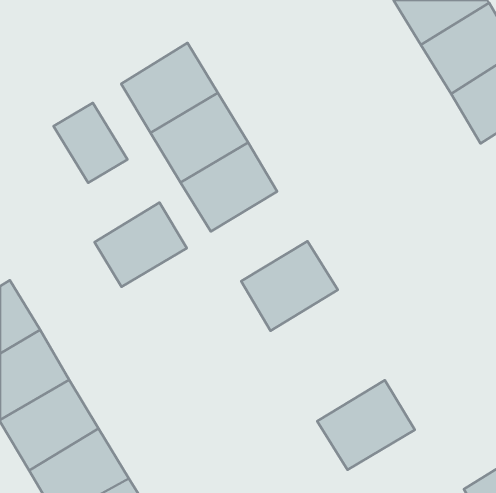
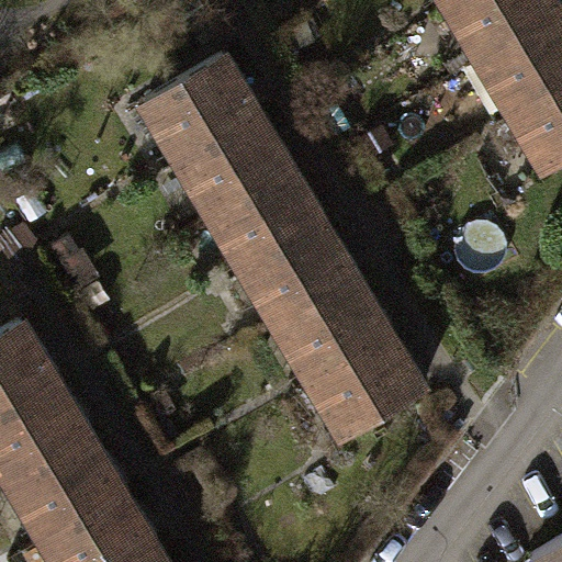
building: [54,103,127,183] -> none
building: none -> [240,222,349,323]
building: [95,202,187,287] -> none
building: [317,380,415,470] -> [307,333,417,434]

